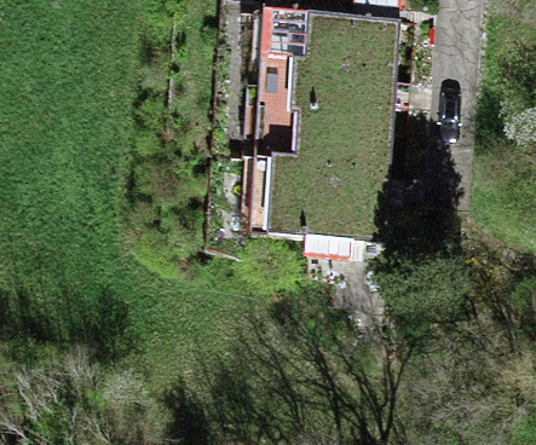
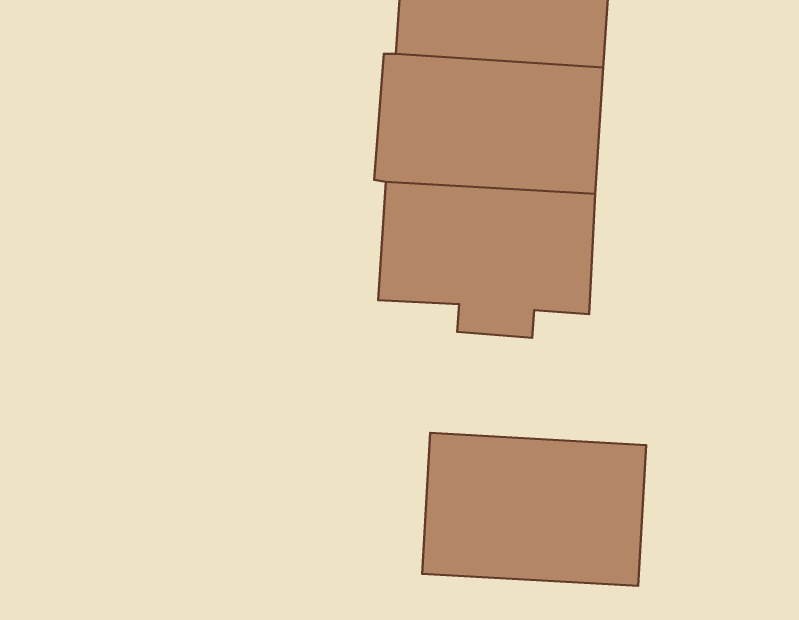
building: none -> [422,433,646,586]

